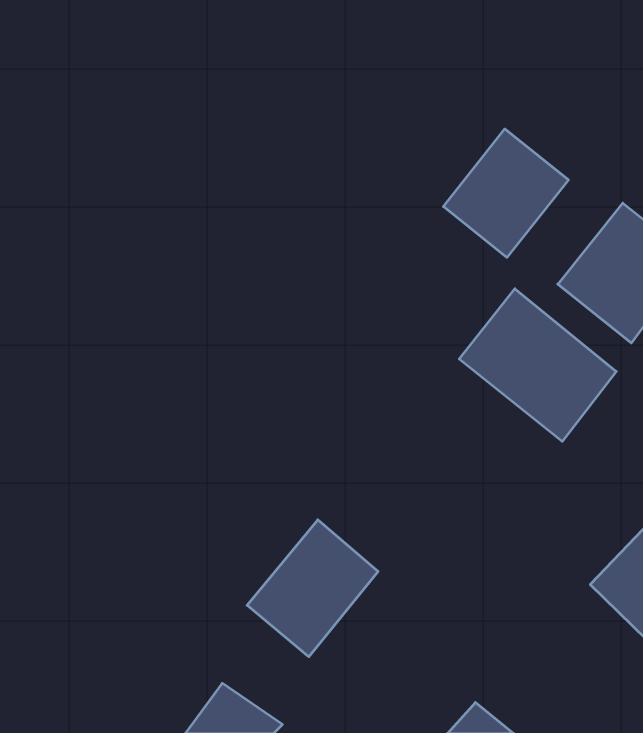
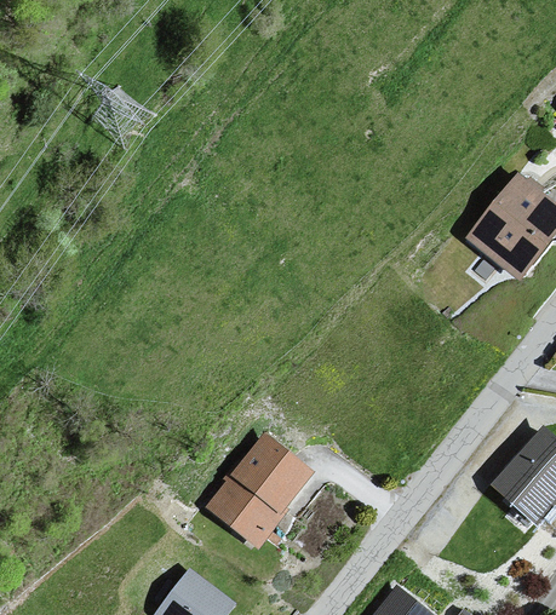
building: [443,129,568,257] -> none
building: [459,289,616,441] -> none

